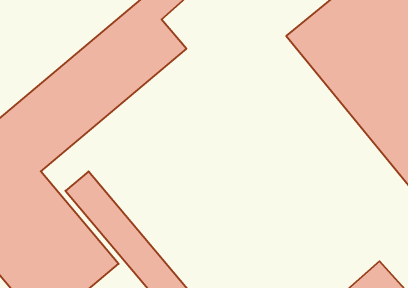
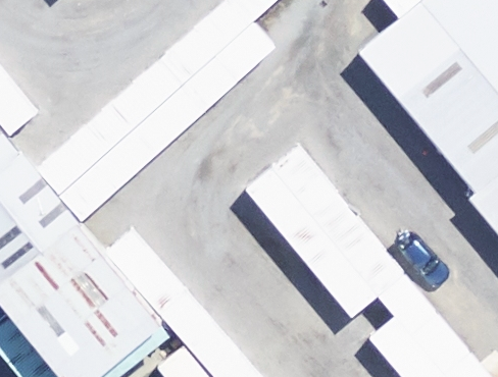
building: none -> [249,144,406,315]

